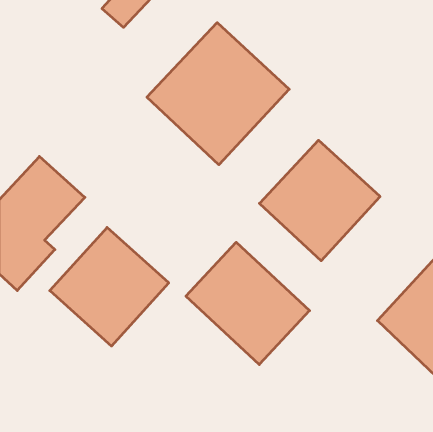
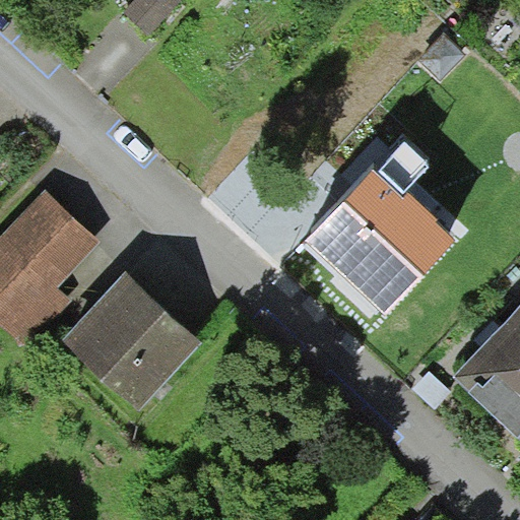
building: [147,23,289,165] -> none
building: [186,242,310,365] -> none

